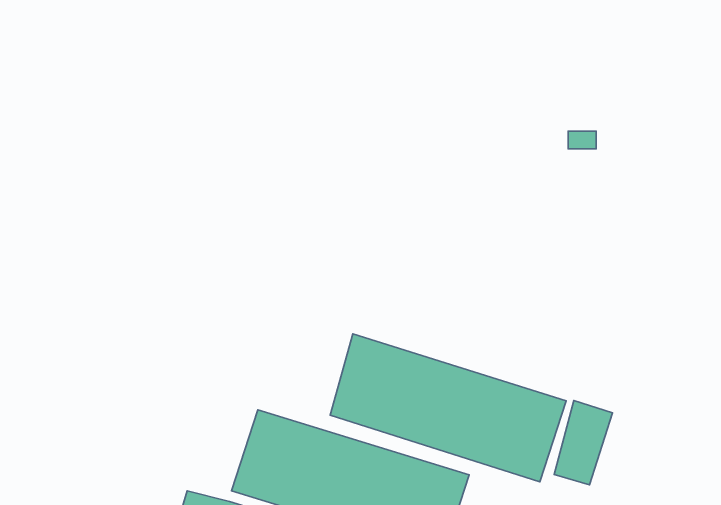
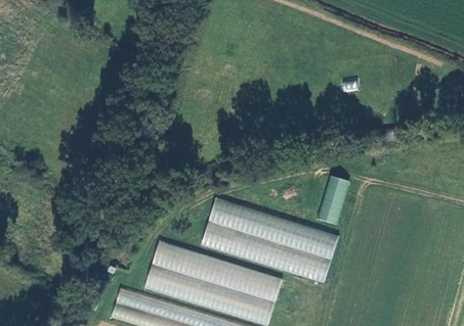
building: [554,400,612,485] -> [317,175,350,224]

